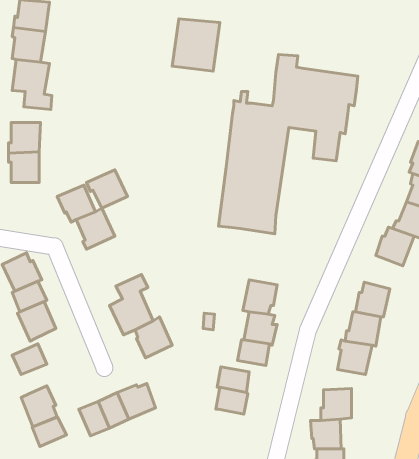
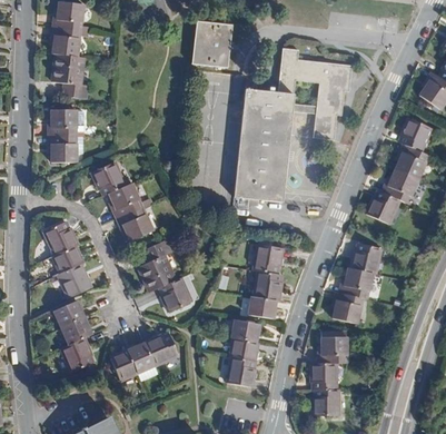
building: [87,170,128,208] -> [118,206,153,239]
building: none -> [228,356,255,385]
building: [32,417,67,446] -> [61,317,91,343]

